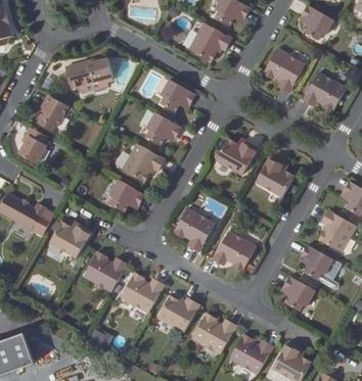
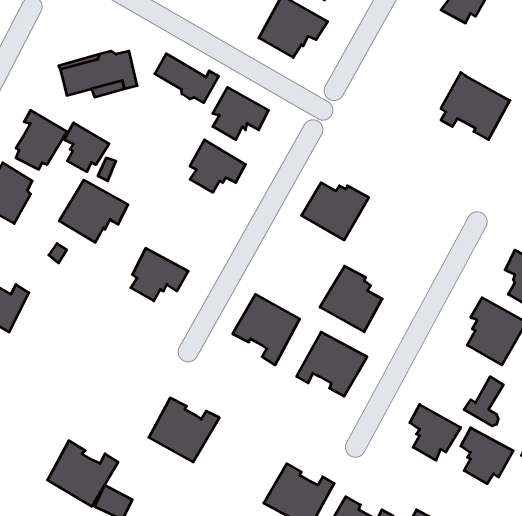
building: [263,48,308,92] -> none
building: none -> [155,54,219,103]
building: none -> [64,123,109,172]
building: [122,143,165,182] -> [59,180,128,242]
building: [256,155,295,196] -> [320,266,382,332]
building: [50,221,91,256] -> none
building: [301,244,333,279] -> [461,428,513,484]
building: [84,250,128,291] -> [47,441,118,506]
building: [157,295,199,332] -> none

